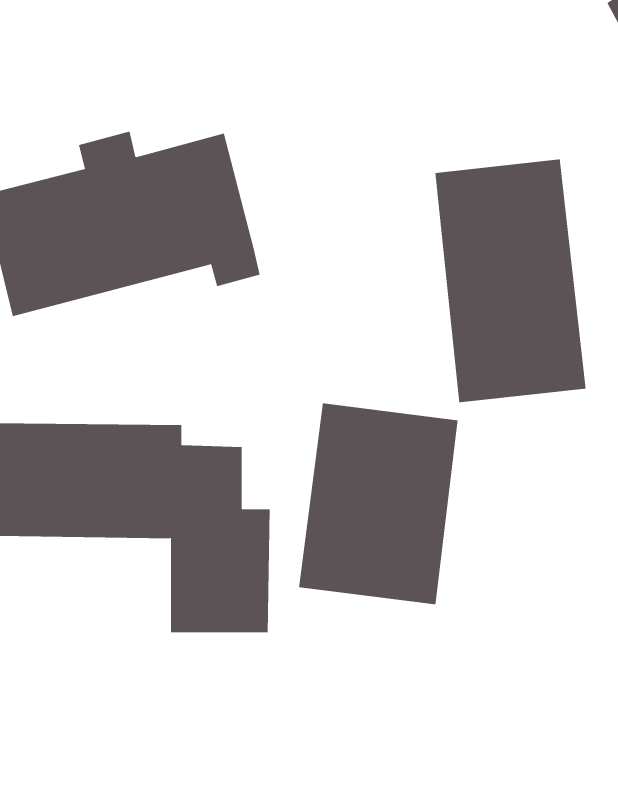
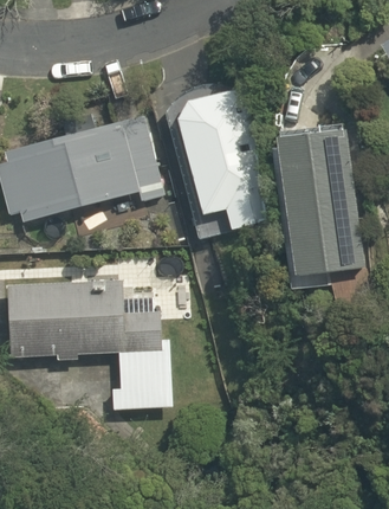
building: none -> [170,84,267,240]
building: [298,403,458,605] -> none

